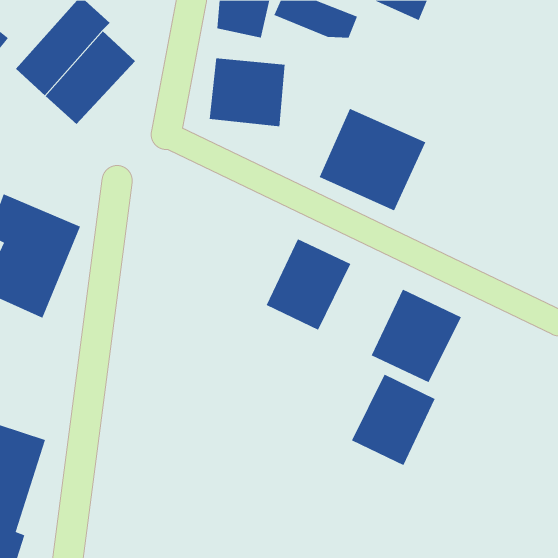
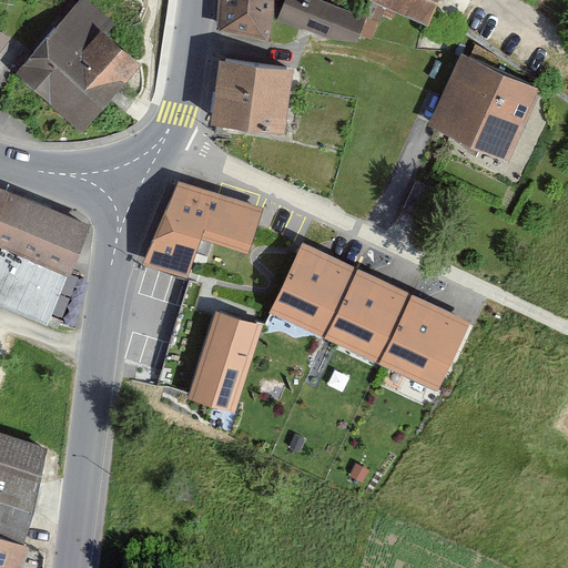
building: [319,108,426,211] -> [429,54,538,159]
building: none -> [144,182,261,276]
building: none -> [189,312,262,412]
building: [351,374,435,466] -> [323,268,408,362]

